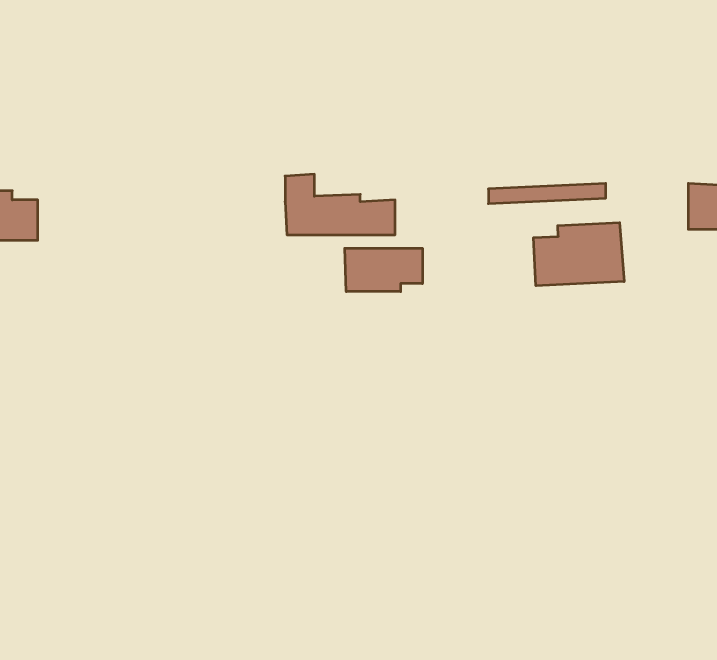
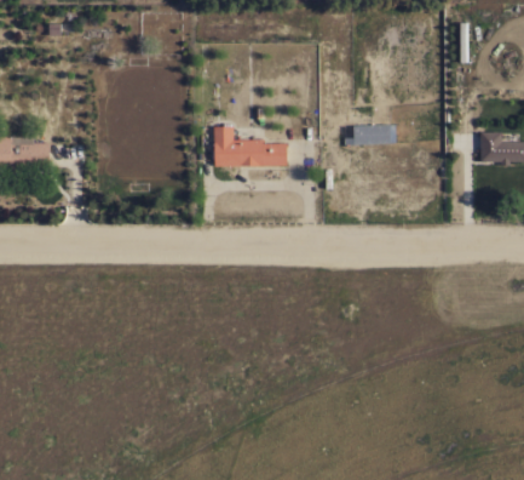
building: [534,223,624,286] -> none
building: [345,248,422,292] -> none

